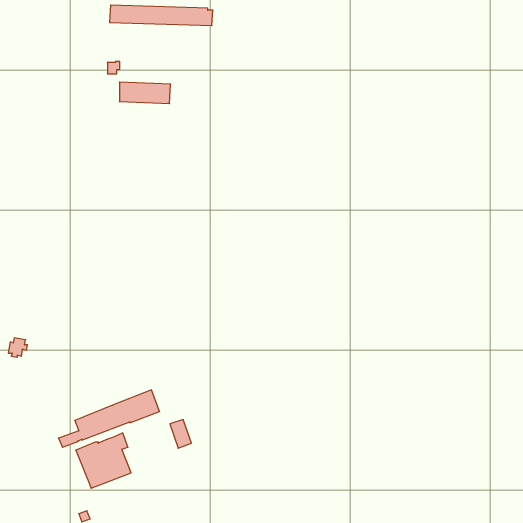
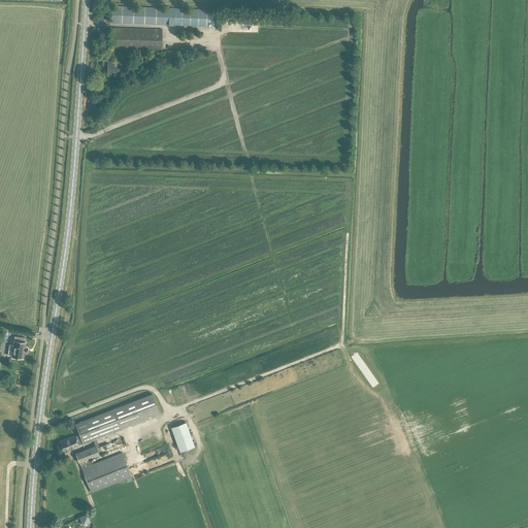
building: [119,82,171,104] -> [110,28,162,50]

